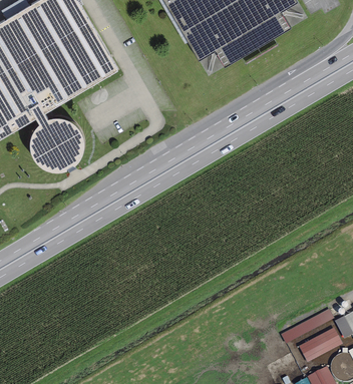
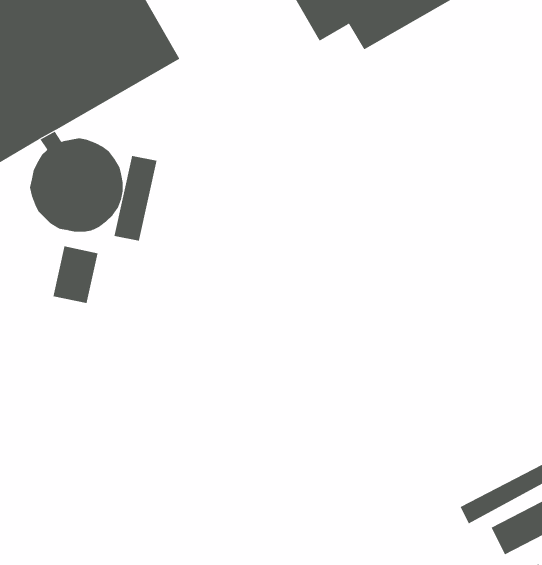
building: none -> [114,155,157,242]
building: none -> [53,245,98,304]

